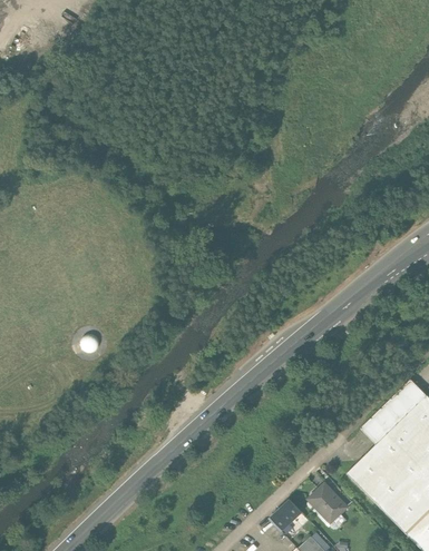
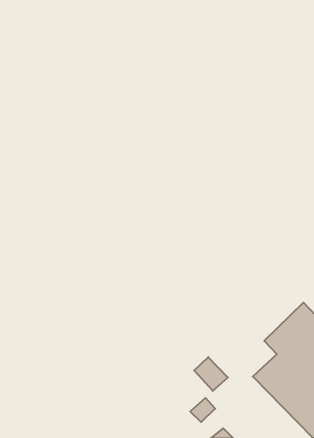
building: [306,482,349,524] -> [194,357,228,391]

